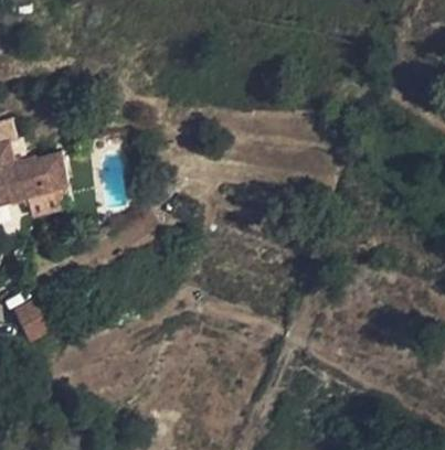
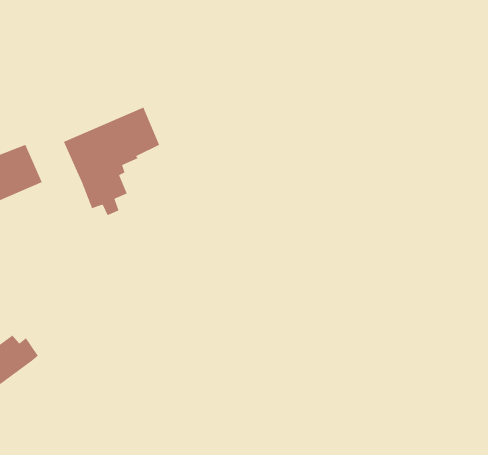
building: none -> [63,106,160,216]

